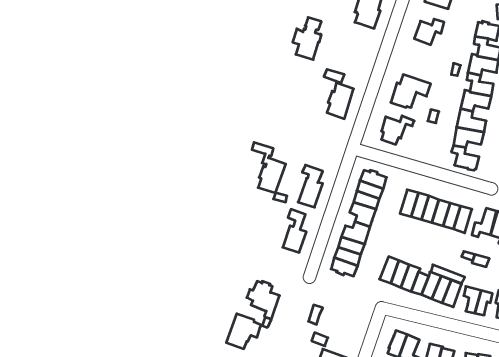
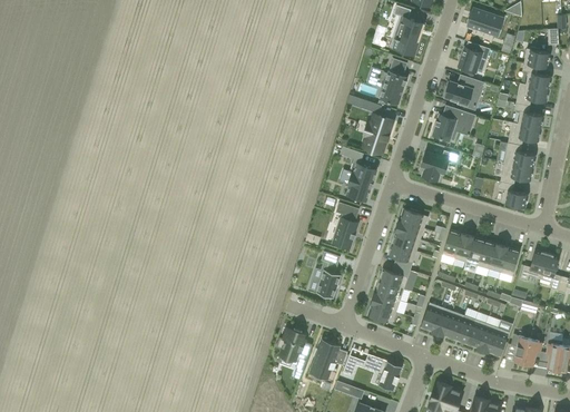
building: [293,17,321,60] -> [376,59,407,105]
building: none -> [444,76,485,108]
building: [252,142,286,193] -> [340,147,376,202]
building: none -> [363,354,402,391]
building: [226,314,261,349] -> [309,341,347,379]

